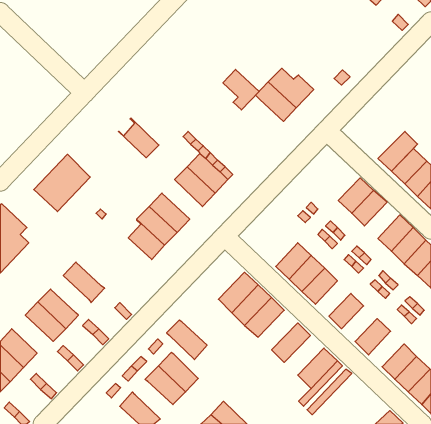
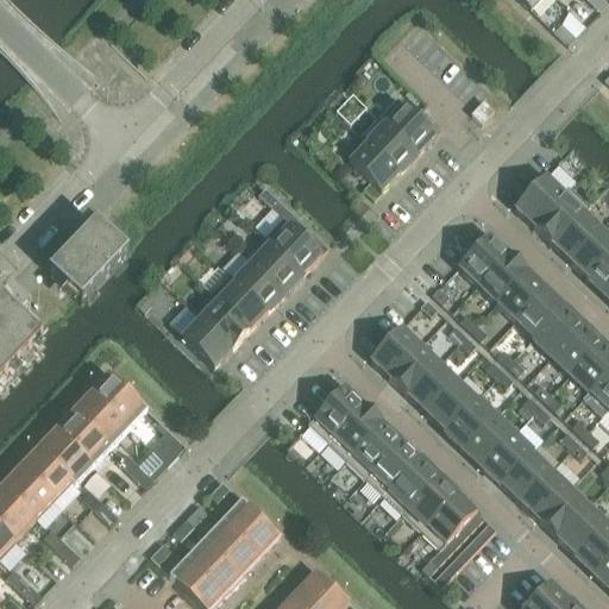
building: [223,69,259,110] -> [349,140,400,197]
building: [118,118,159,158] -> [228,253,285,309]
building: none -> [514,172,565,224]
building: none -> [458,232,508,283]
building: none -> [514,285,564,337]
building: none -> [370,325,420,376]
building: none -> [71,389,128,445]
building: none -> [445,396,495,446]
building: none -> [482,432,532,482]
building: none -> [364,438,420,494]
building: none -> [17,445,75,498]
building: [167,320,207,360] -> [187,535,244,591]
building: none -> [520,467,570,517]
building: none -> [401,473,457,529]

